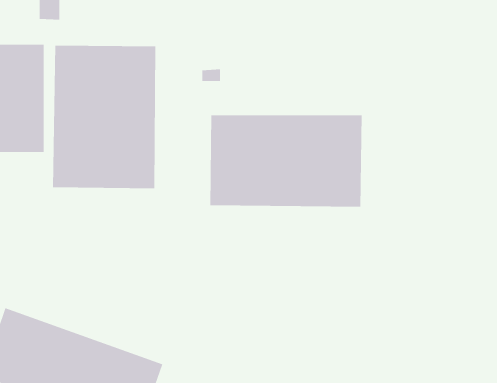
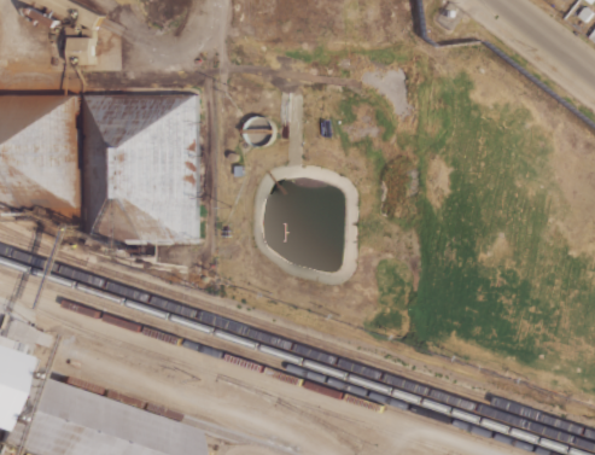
building: [210,115,362,208] -> none

